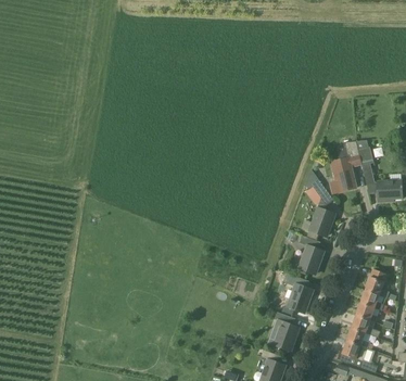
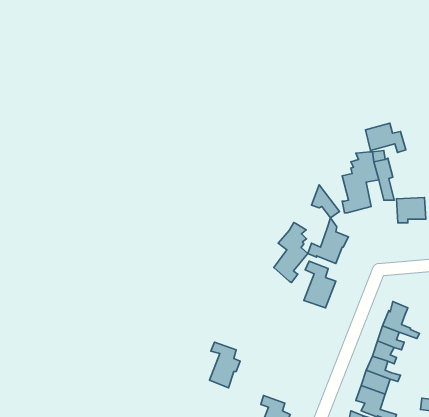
building: none -> [365,123,406,153]
building: none -> [274,223,308,283]
building: [287,275,313,313] -> none
building: [272,312,299,351] -> [210,342,240,388]

